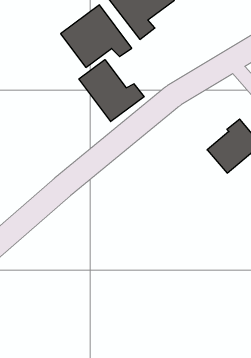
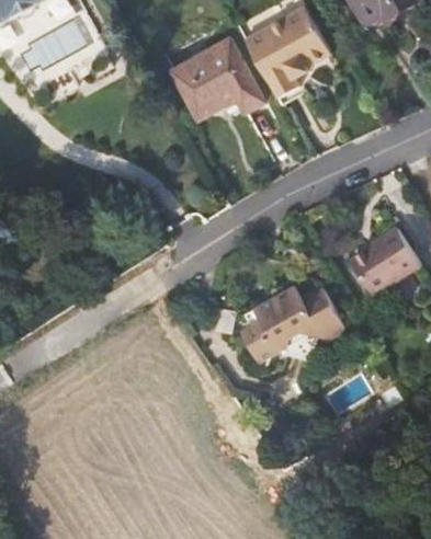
building: [79,60,144,122] -> none
building: none -> [234,277,336,353]

